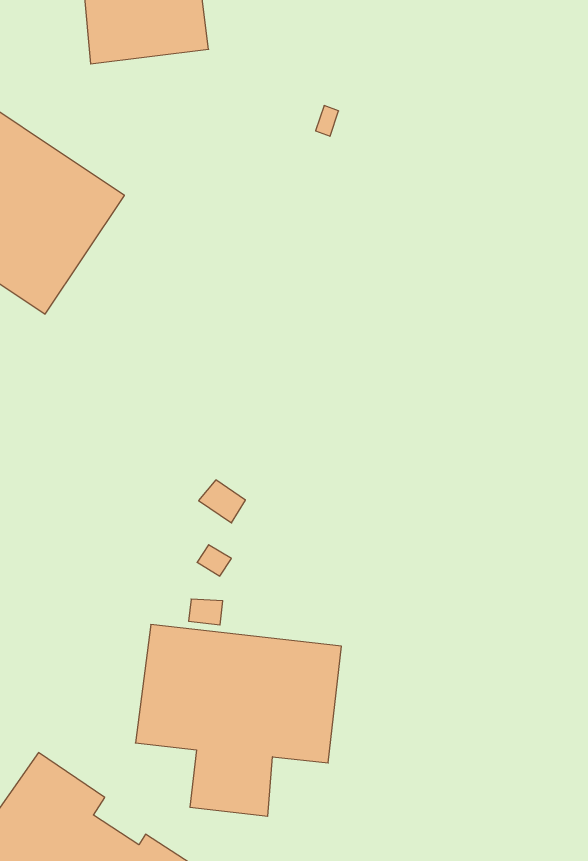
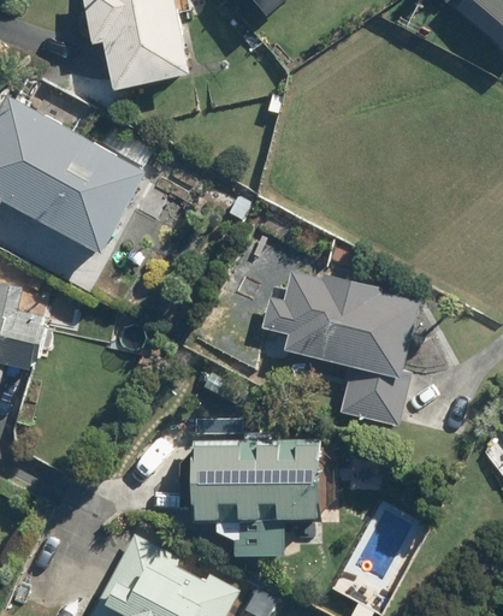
building: none -> [260,273,419,428]

